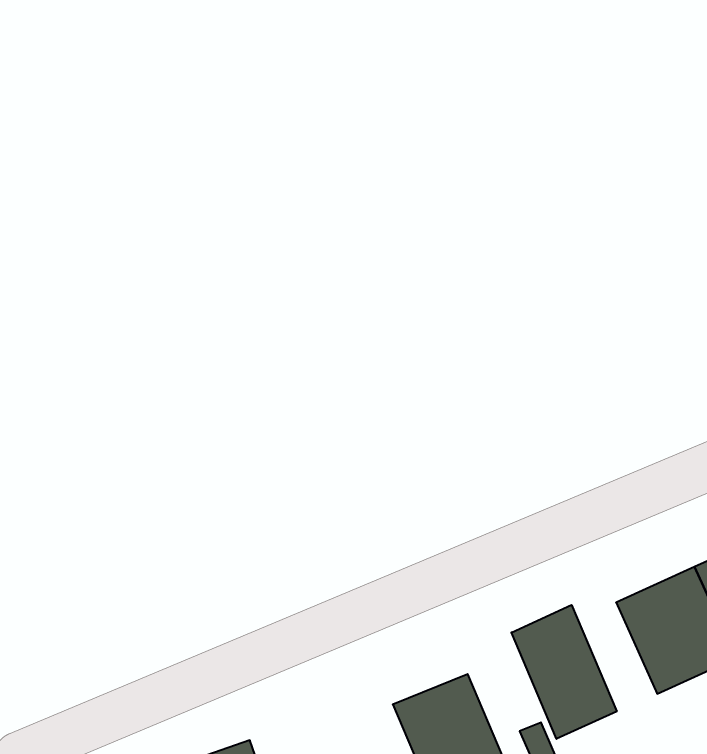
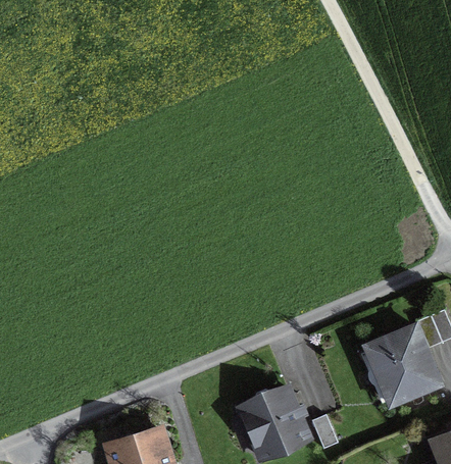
building: [511,605,617,739] -> none

